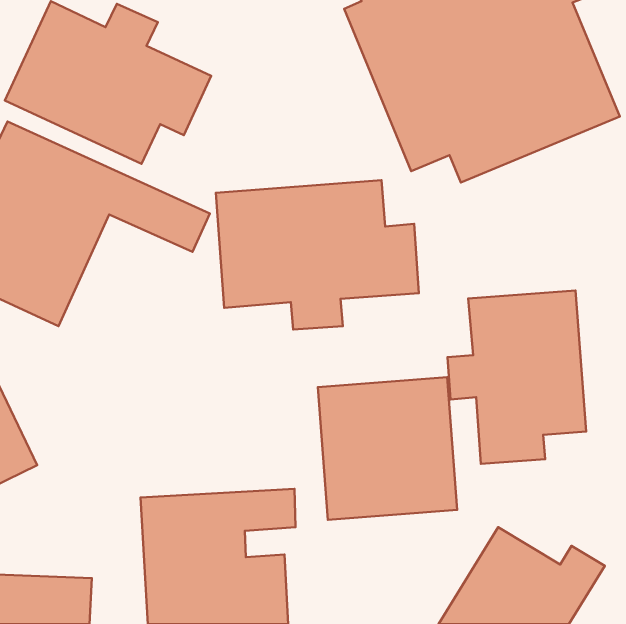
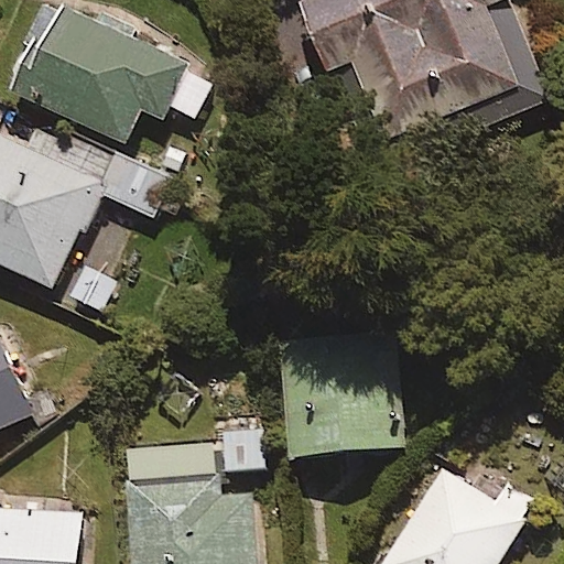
building: [216,180,419,330] -> none
building: [448,291,586,464] -> none

